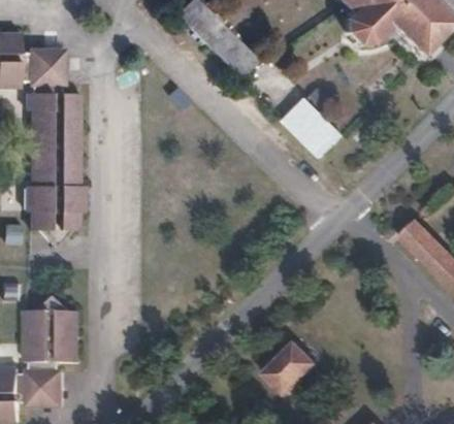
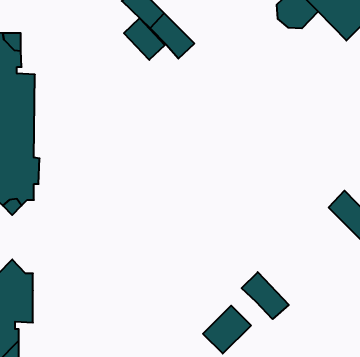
building: none -> [124,18,165,60]
building: [282,98,339,154] -> none
building: none -> [242,272,289,319]

